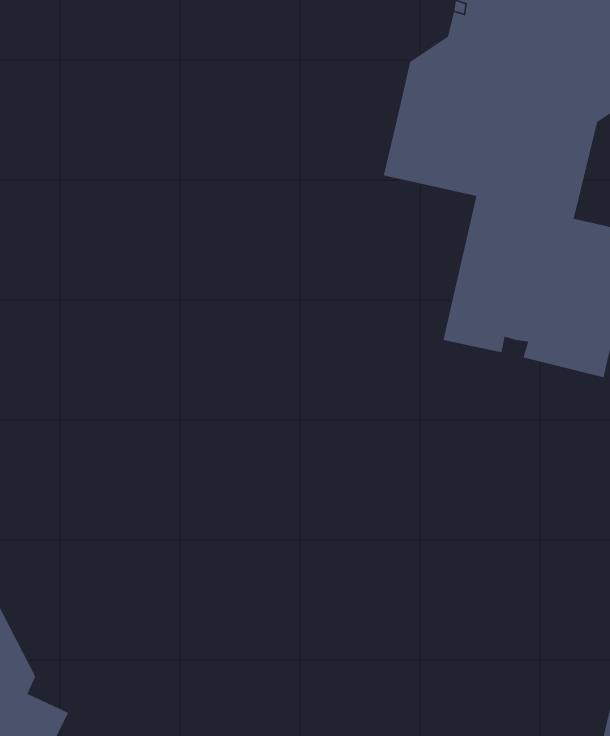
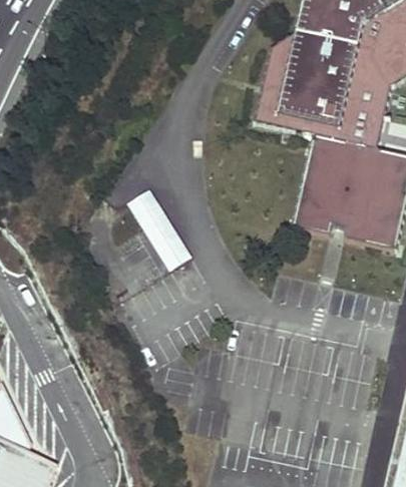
building: none -> [126,187,191,270]

